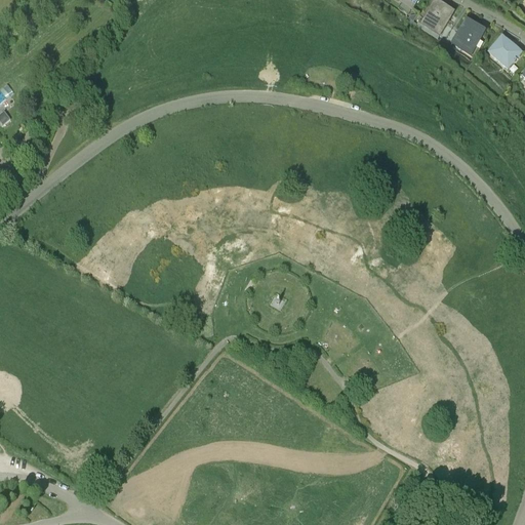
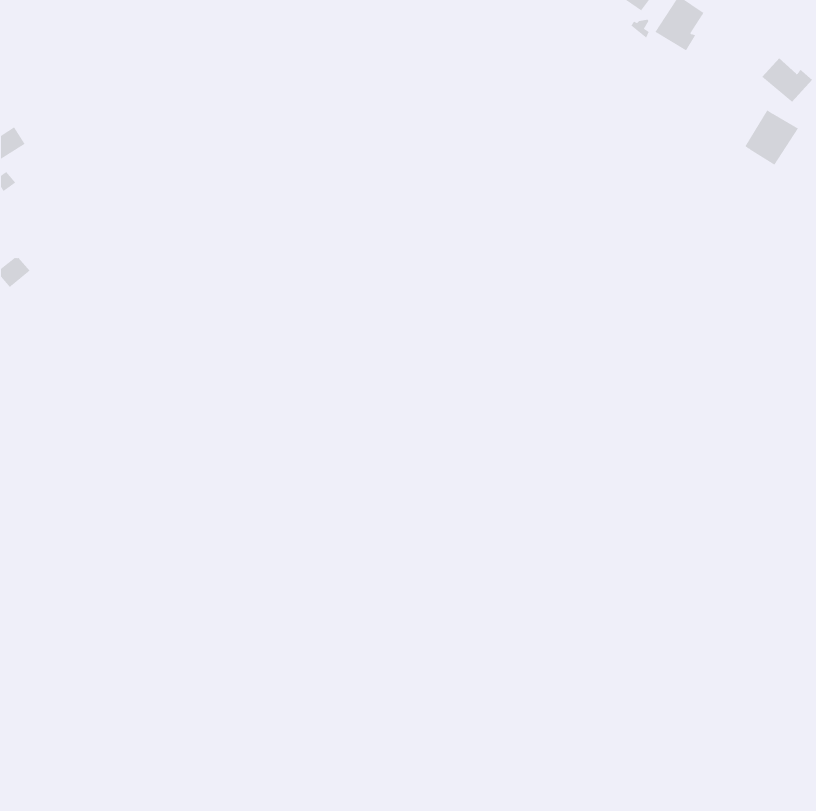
building: [451,16,486,52] -> [744,109,799,165]

